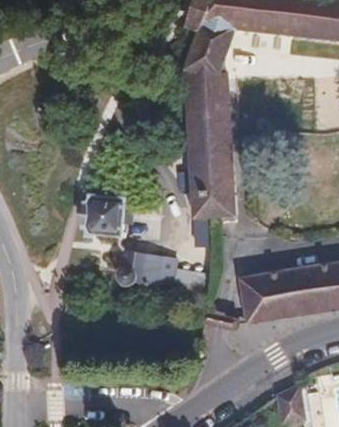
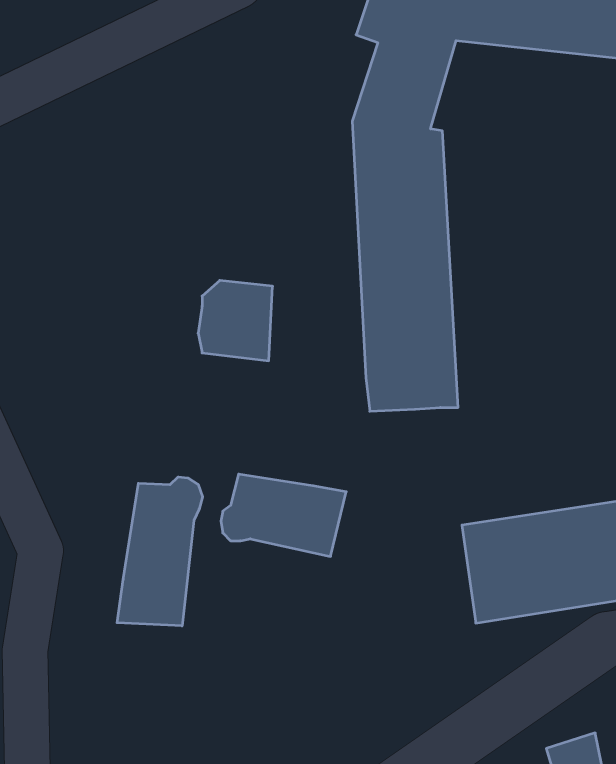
building: [85,196,123,237] -> [198,280,273,361]
building: none -> [117,477,203,626]

